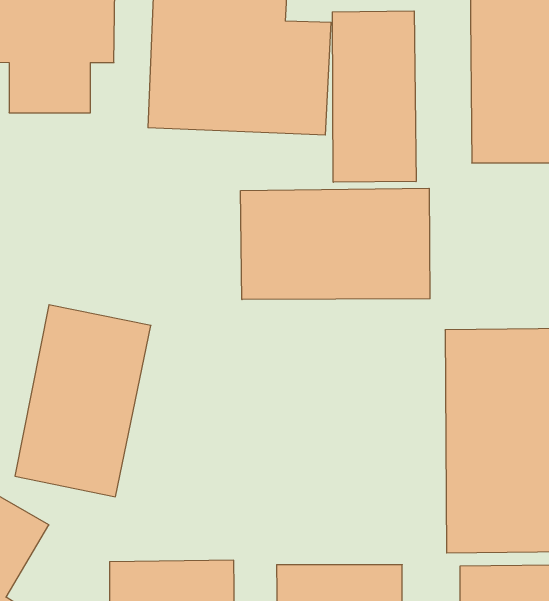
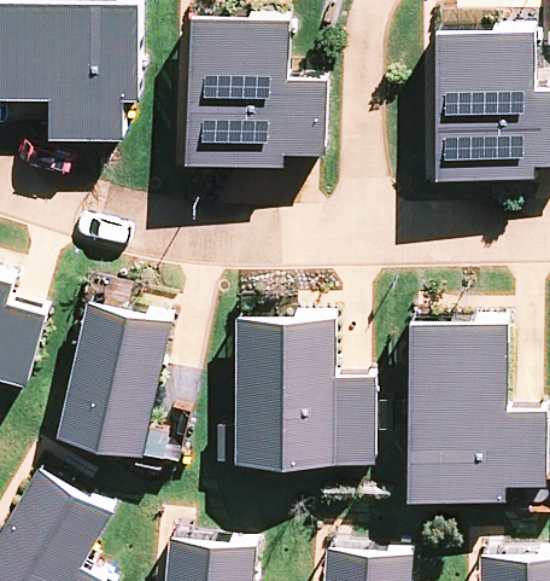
building: [332,11,416,182] -> none
building: [241,188,430,300] -> none
building: none -> [236,323,374,464]

